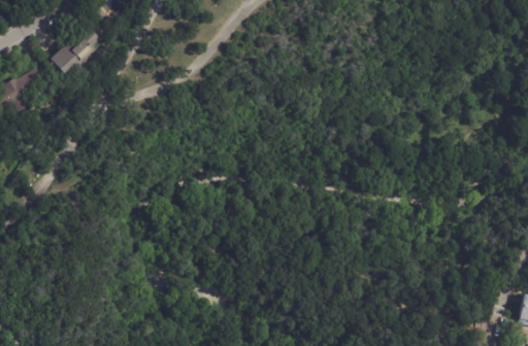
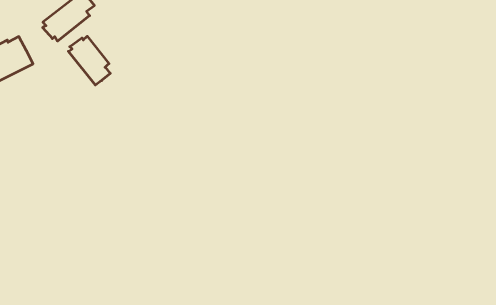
building: none -> [68,36,110,85]

